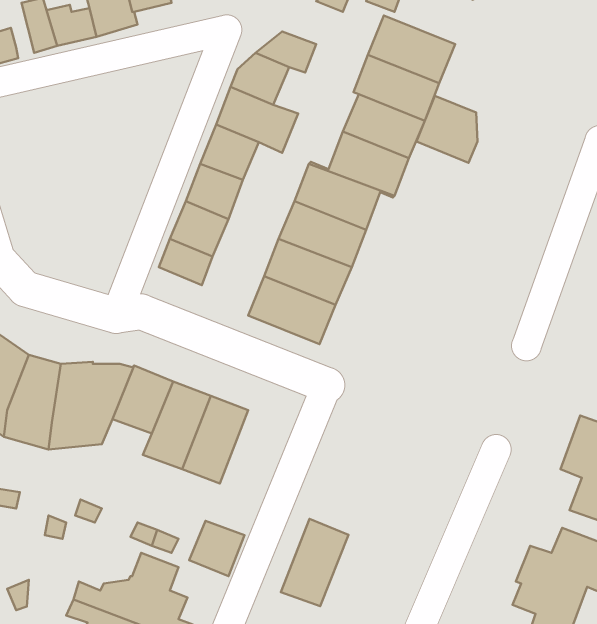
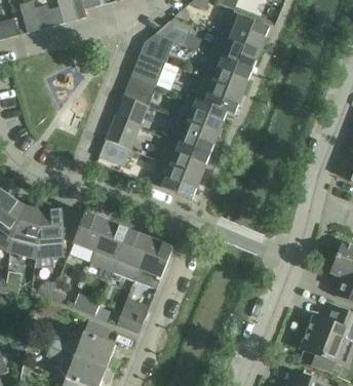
building: [417,96,478,163] -> none
building: [281,519,349,606] -> [133,238,172,288]

